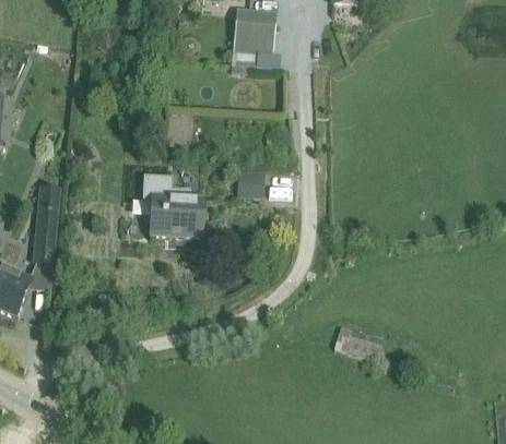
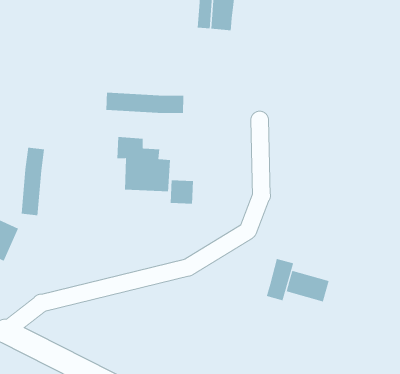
building: none -> [106,92,184,114]
building: [238,170,266,197] -> [170,180,194,204]
building: none -> [266,258,294,301]

